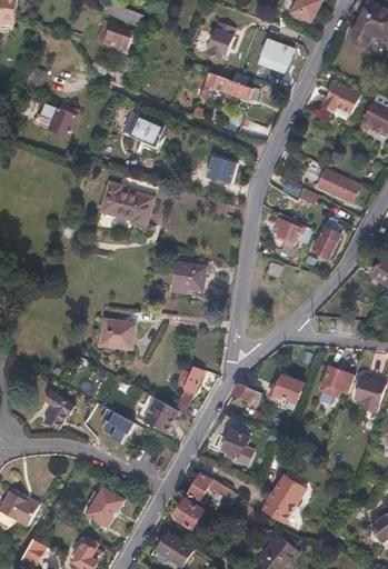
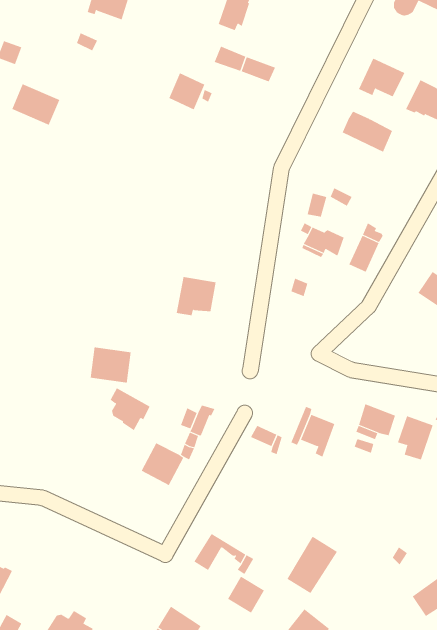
building: [260,40,295,73] -> none
building: [130,113,160,144] -> [169,72,205,110]
building: [206,153,240,184] -> none
building: [319,169,361,203] -> [342,111,393,153]
building: [101,182,152,226] -> none
building: [44,391,74,429] -> none
building: [102,408,136,443] -> [110,388,150,431]
building: [221,430,251,461] -> none
building: [86,486,125,528] -> none
building: [173,498,205,529] -> [227,576,265,614]

